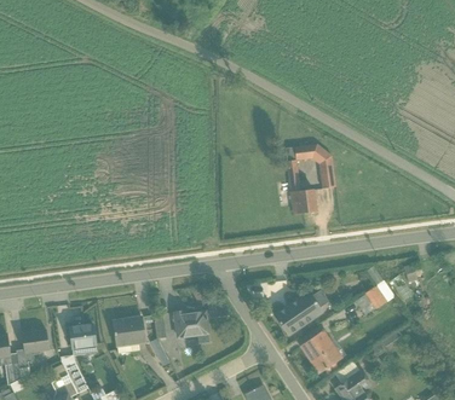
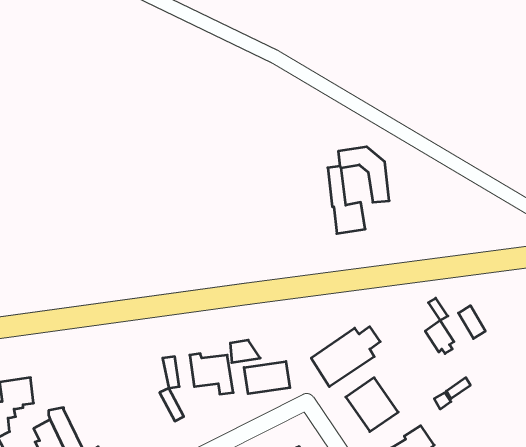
building: [113,317,145,348] -> none
building: none -> [244,361,290,394]
building: [69,324,97,355] -> none

